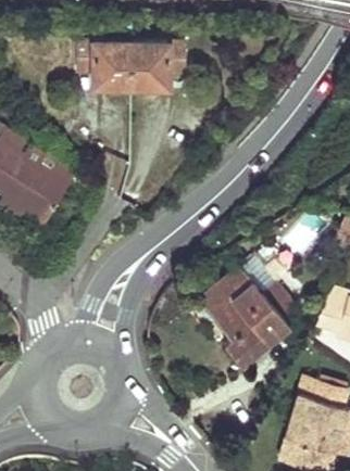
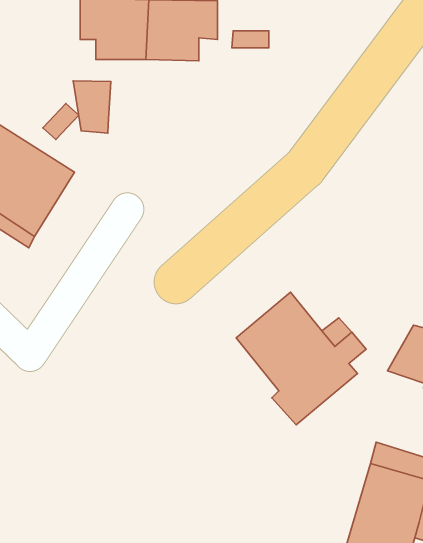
building: none -> [73,81,111,133]

